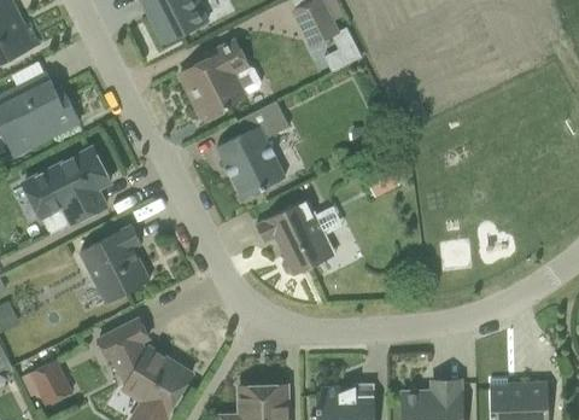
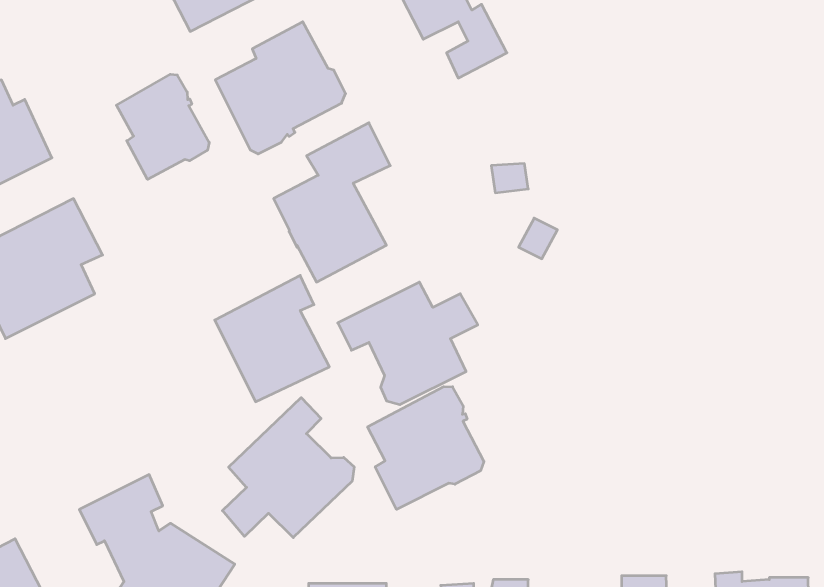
building: none -> [116,74,209,179]
building: [78,224,150,303] -> [215,275,329,402]
building: none -> [368,387,484,509]
building: none -> [222,398,354,538]

